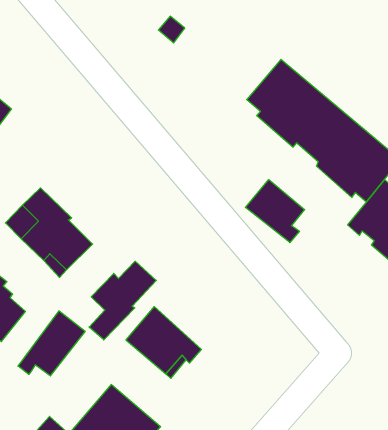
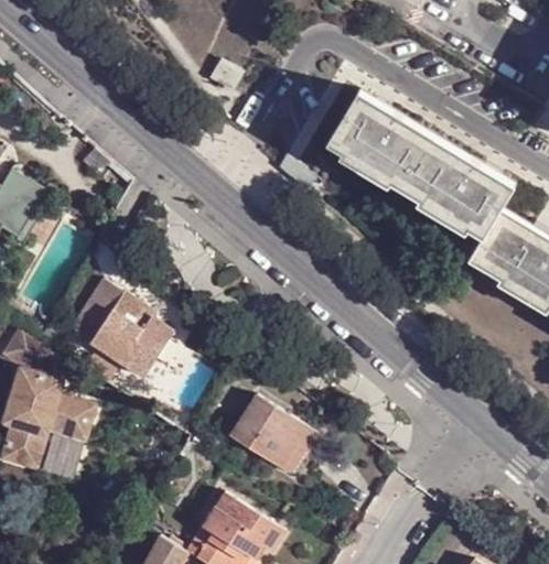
building: [245,180,305,243] -> none
building: [89,261,156,340] -> none
building: [18,311,85,376] -> none

